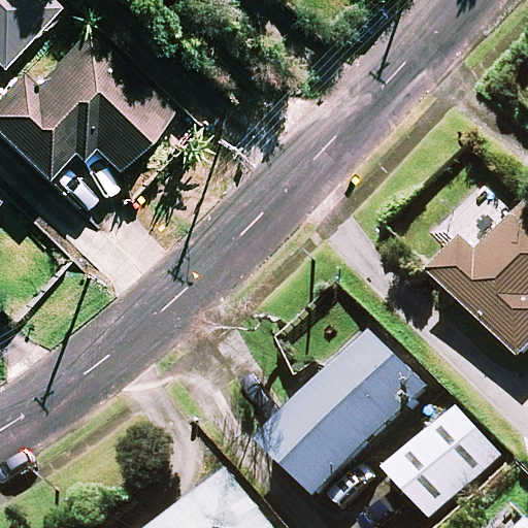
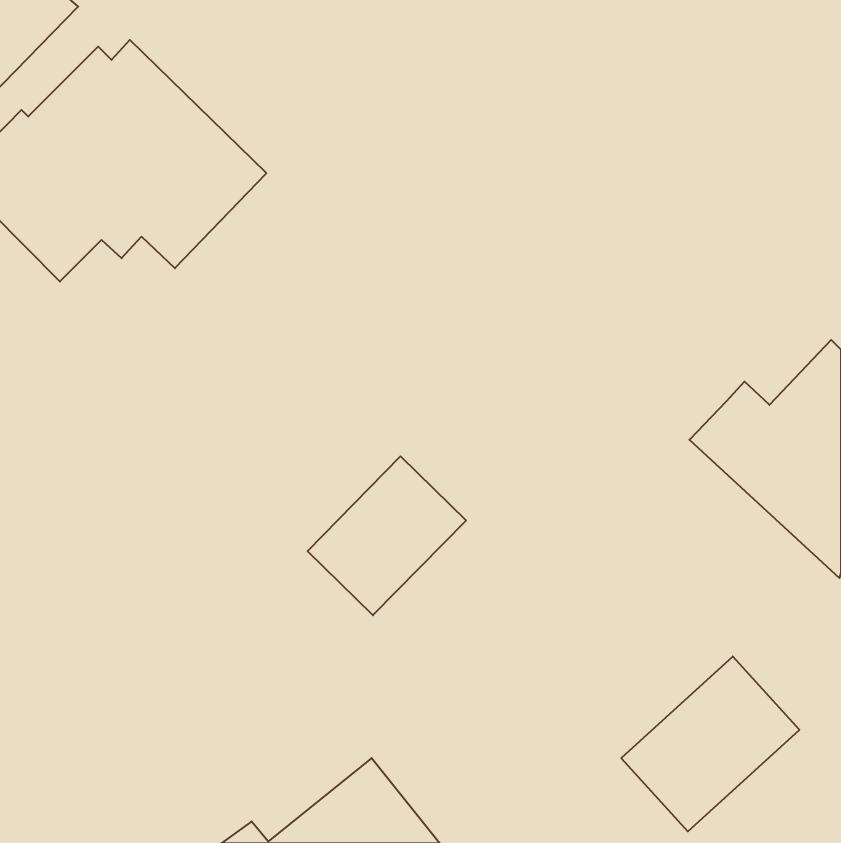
building: none -> [308,456,466,615]
building: [257,328,426,499] -> none

